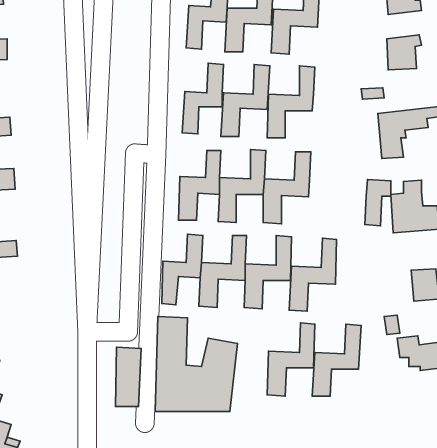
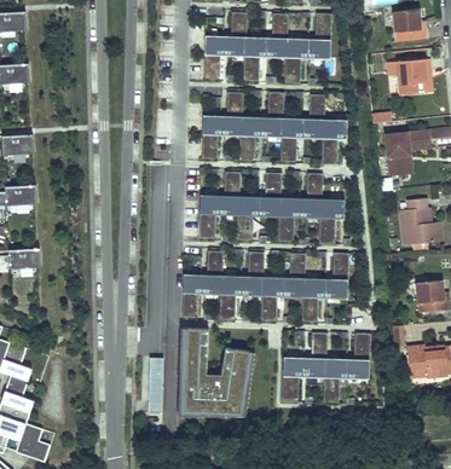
building: none -> [323,117,348,162]
building: [365,180,391,226] -> [319,198,343,242]

